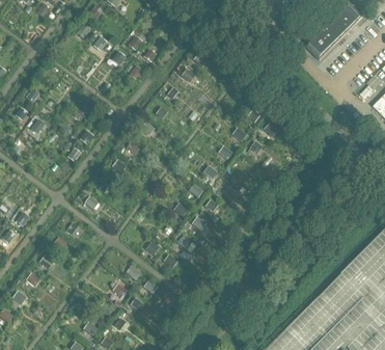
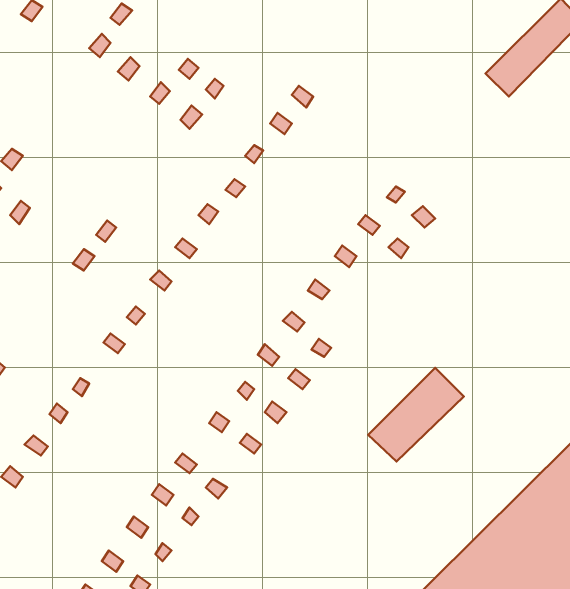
building: none -> [368,368,464,461]

